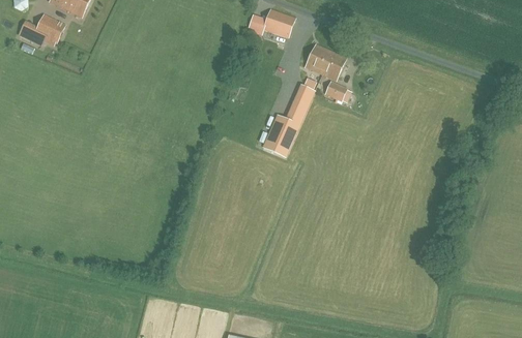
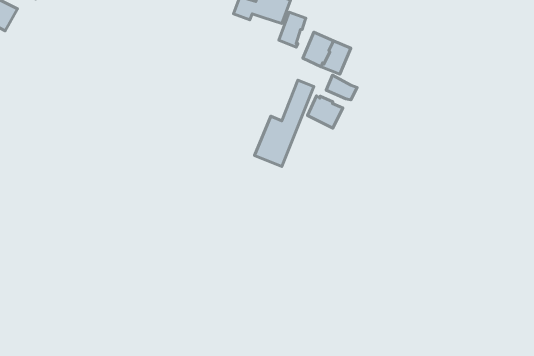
building: none -> [279,12,306,47]
building: none -> [307,96,343,128]

